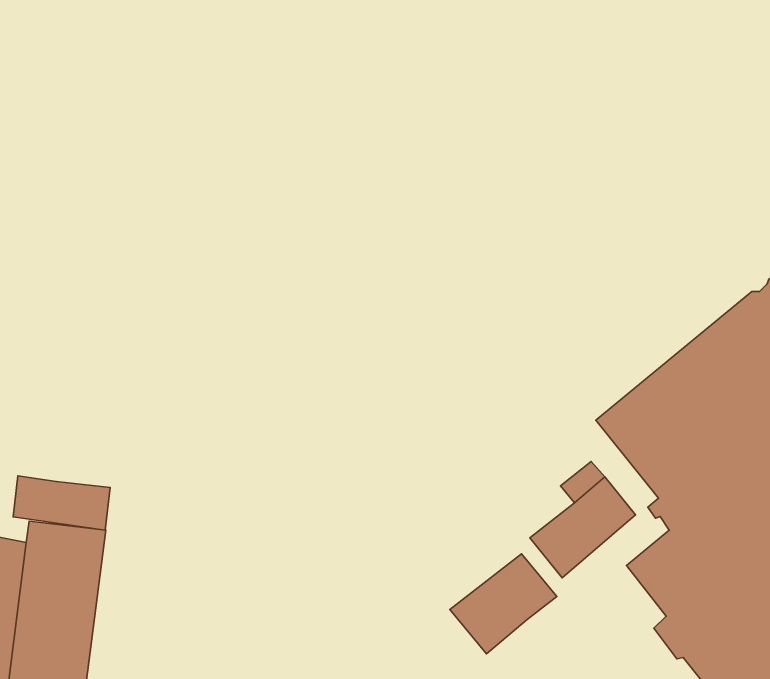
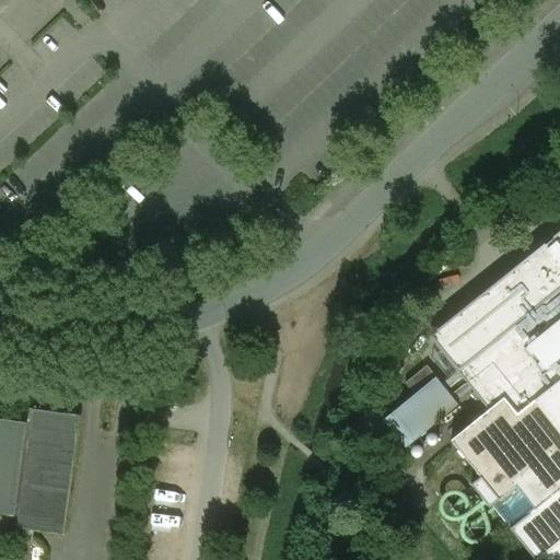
building: [13,476,110,530] -> none
building: [450,554,557,654] -> none

